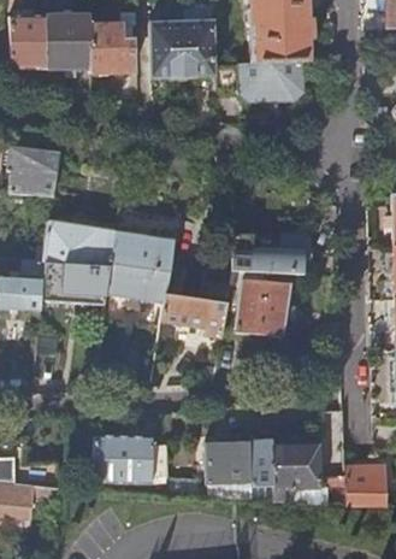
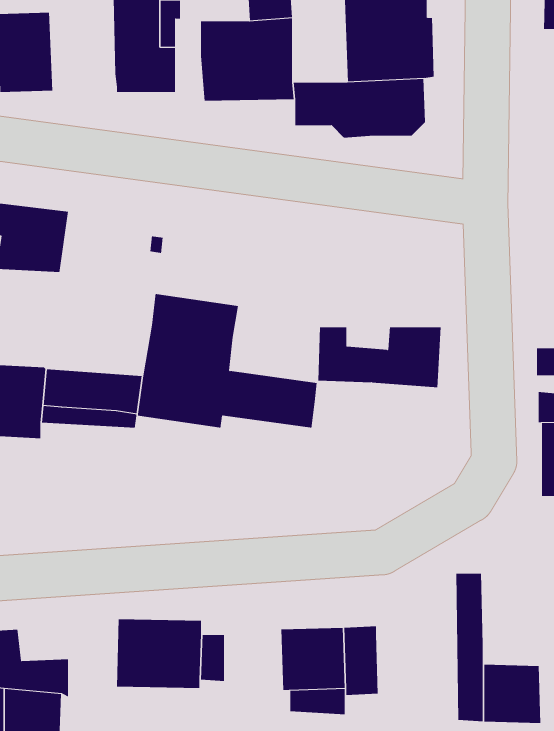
building: [47,13,93,70] -> none
building: [43,220,117,266] -> none
building: [230,270,290,336] -> none
building: [162,294,227,339] -> none
building: [272,443,319,501] -> none

